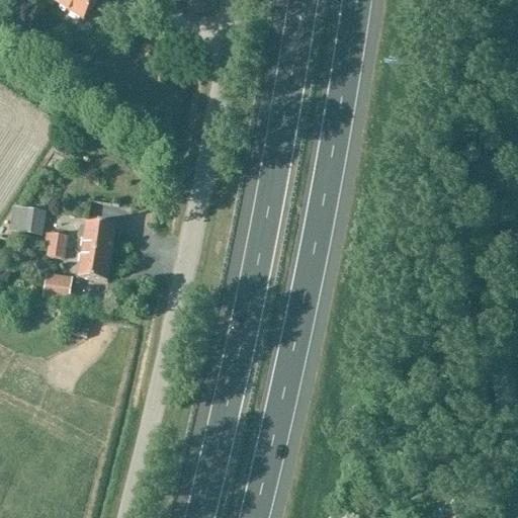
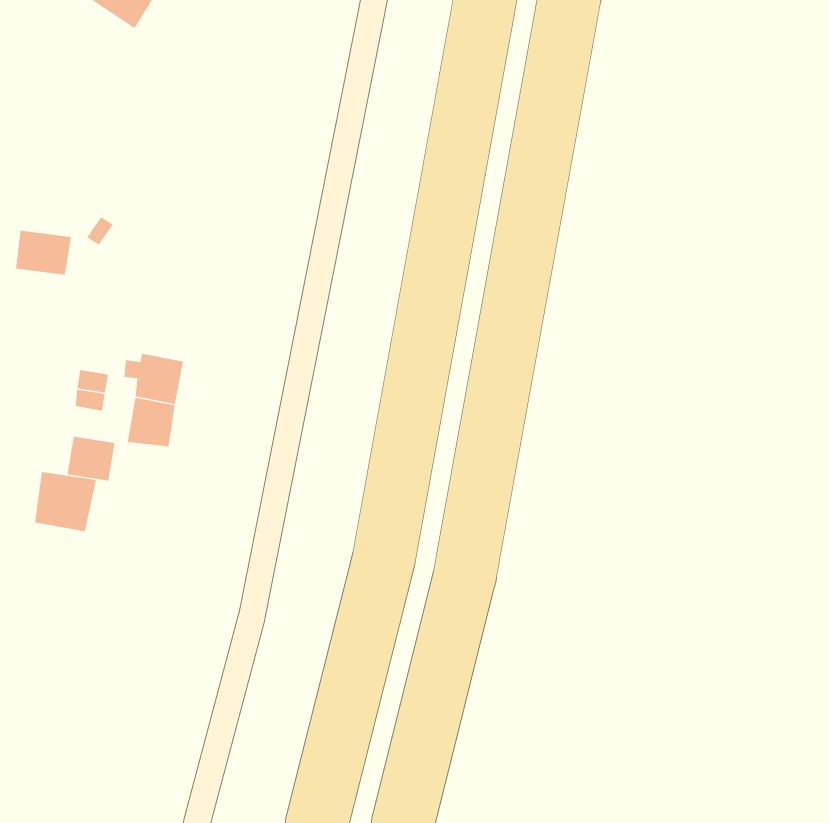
building: [10,205,46,234] -> [15,230,72,276]
building: none -> [34,471,97,532]

